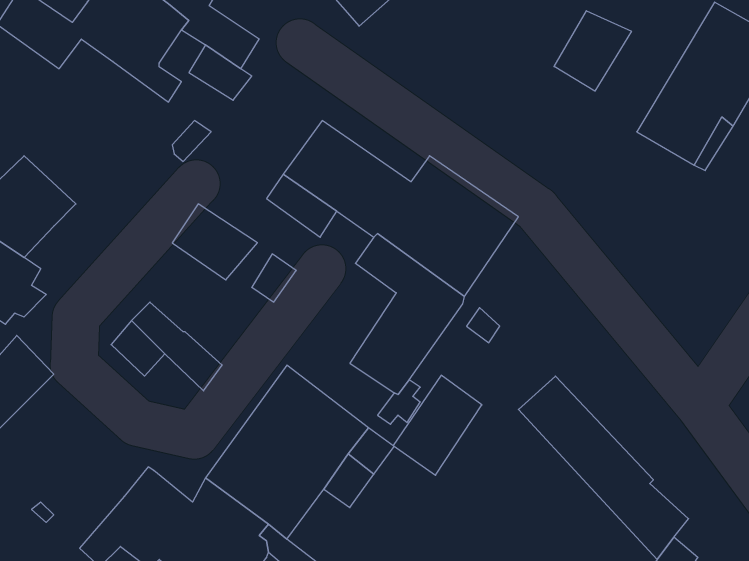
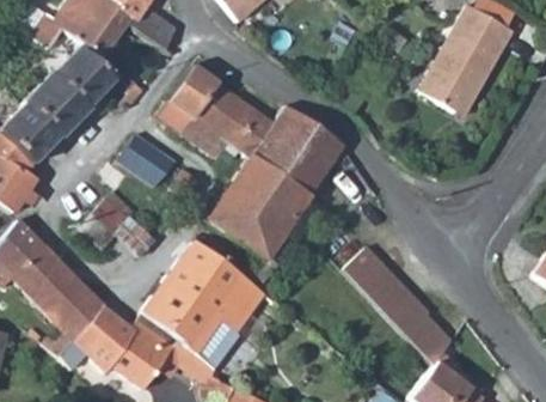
building: [554,11,631,91] -> none
building: none -> [23,43,122,138]
building: none -> [158,65,217,132]
building: none -> [14,245,105,358]
building: [393,375,482,475] -> [208,173,265,238]

